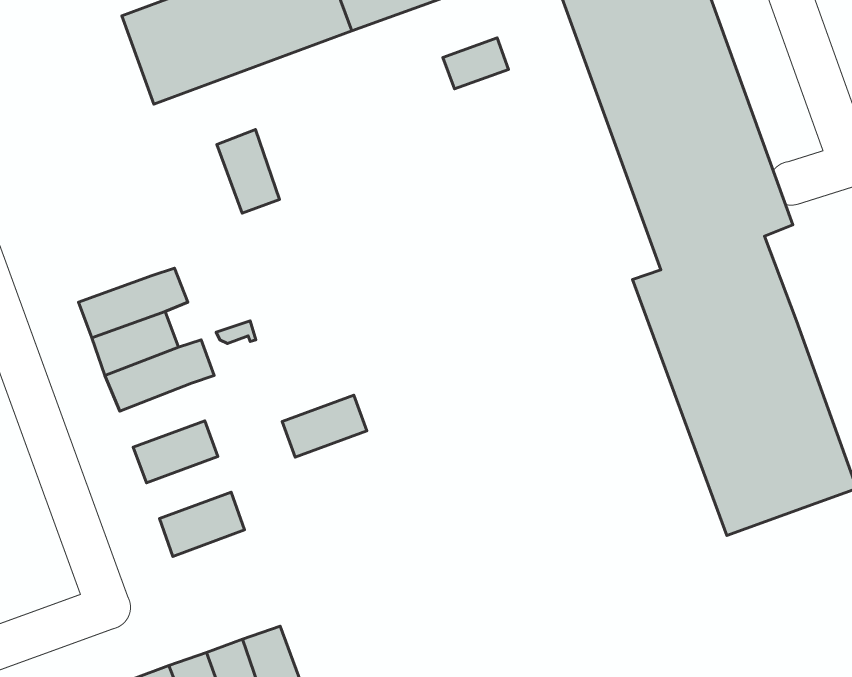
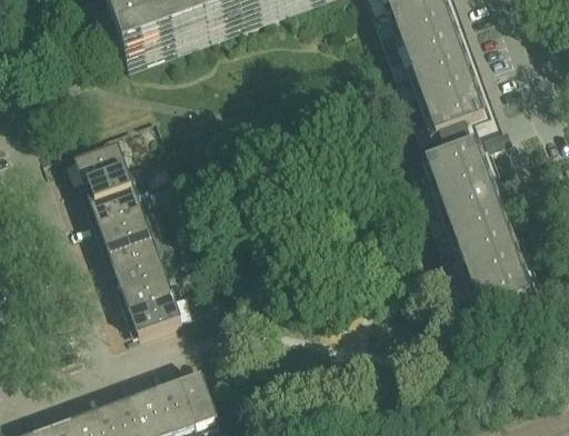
building: [443,38,509,89] -> none
building: [217,130,280,213] -> none
building: none -> [72,141,123,179]
building: none -> [104,227,154,265]
building: [282,395,367,457] -> [120,270,170,307]

